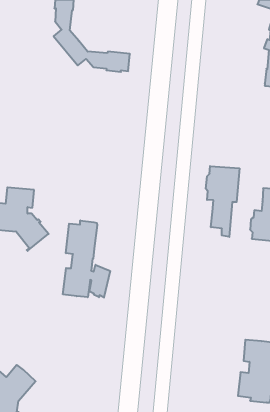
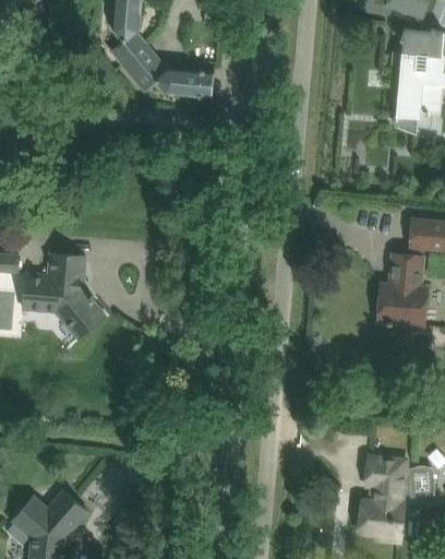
building: [206,166,239,237] -> none
building: [63,220,110,298] -> none

